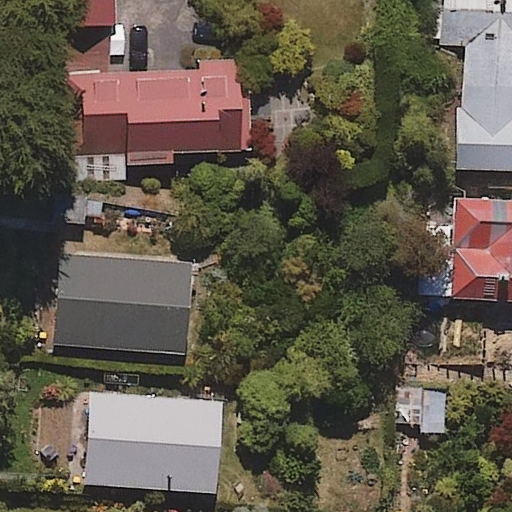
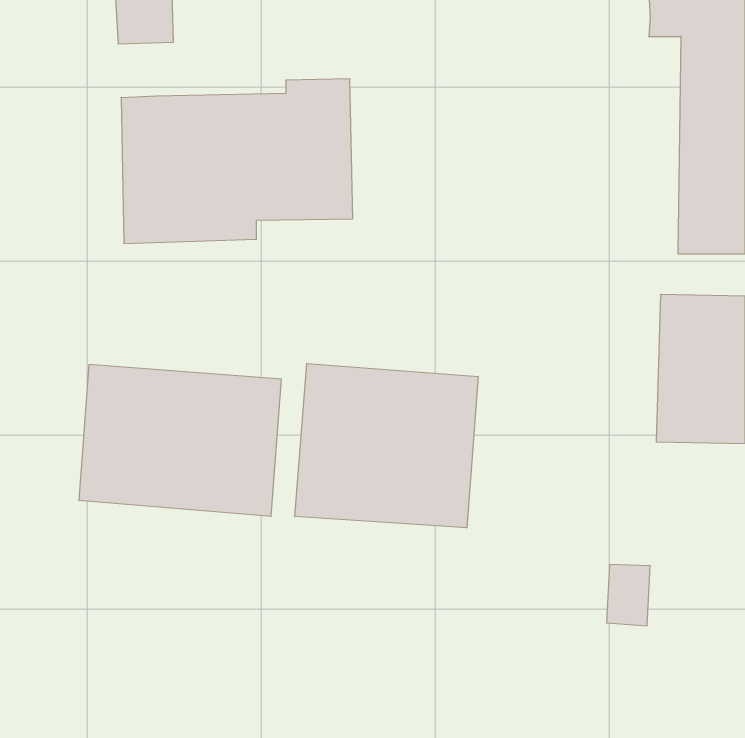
building: none -> [295,363,478,528]
building: [83,393,223,493] -> none

